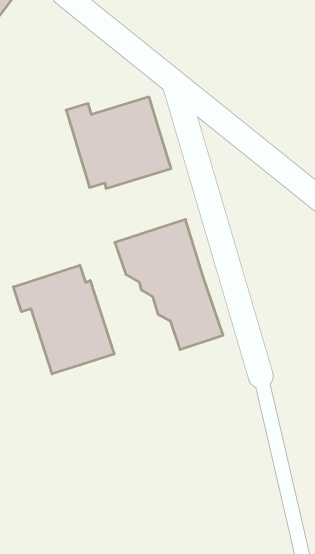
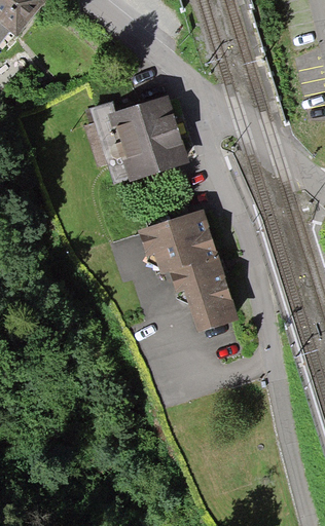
building: [13,265,114,374] -> none

